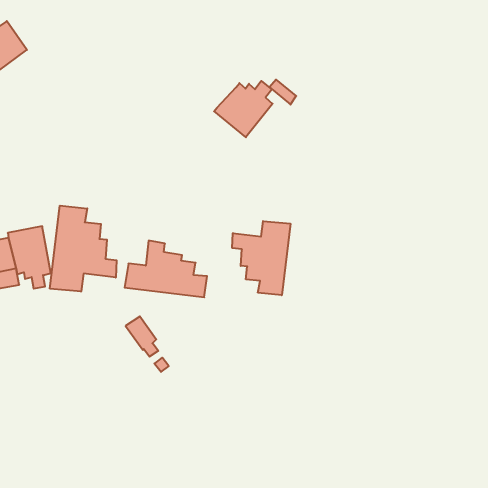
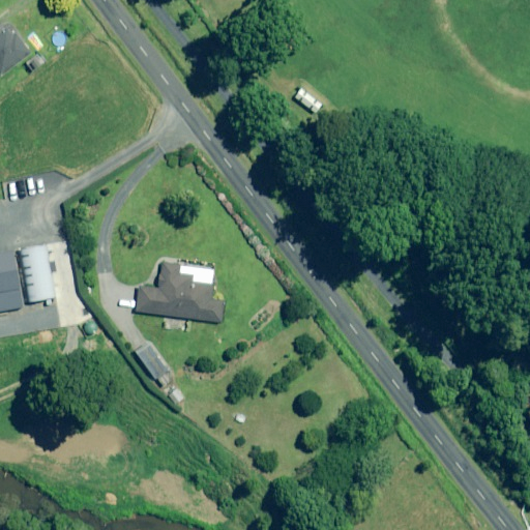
building: [214,81,273,137] -> none
building: [50,206,117,292] -> none
building: [232,221,290,295] -> none

